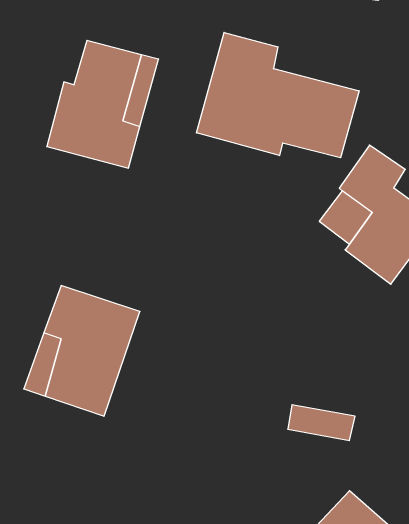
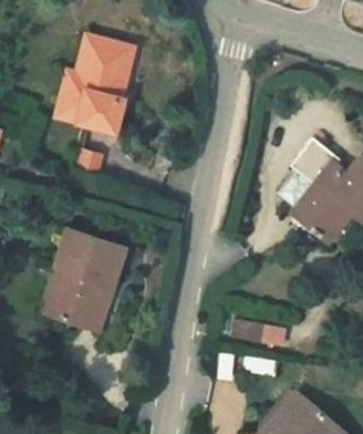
building: [196,32,359,158] -> none

